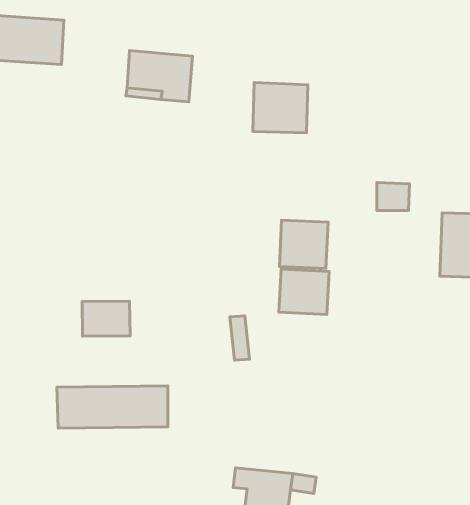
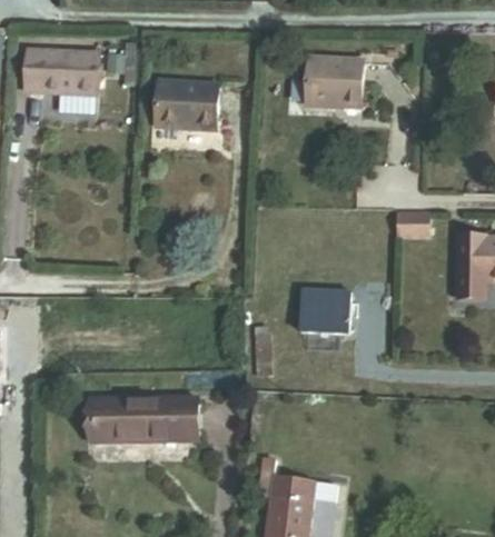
building: [253,83,308,133] -> [308,59,360,107]
building: [279,220,328,268] -> none
building: [82,301,130,336] -> none

